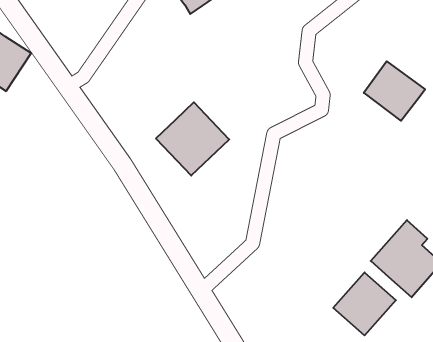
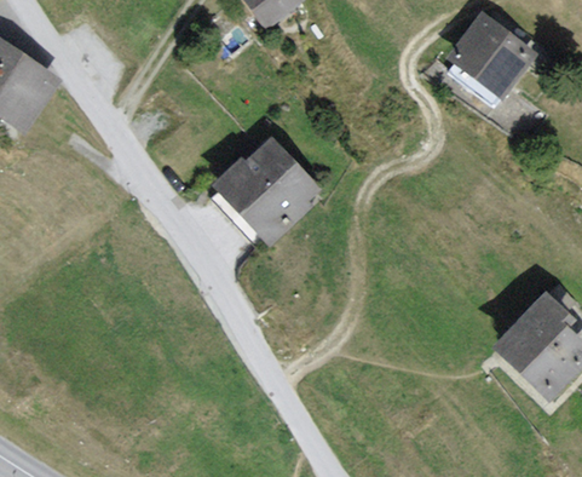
building: [364,61,425,121] -> [451,16,531,93]
building: [333,272,396,335] -> none

